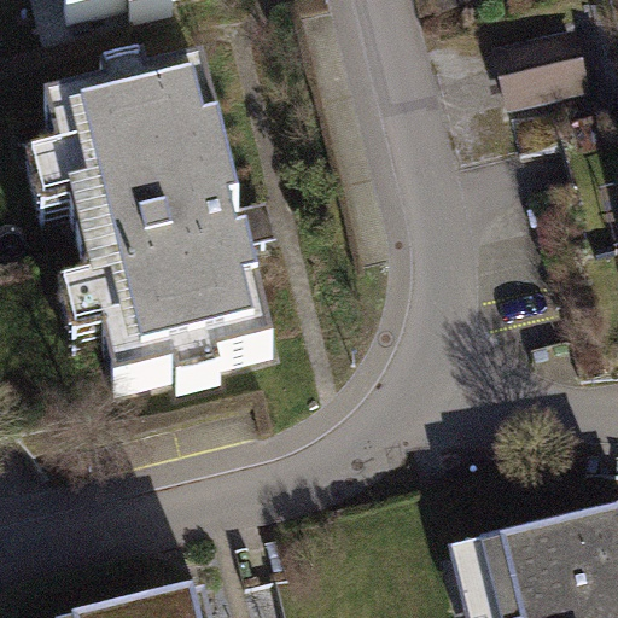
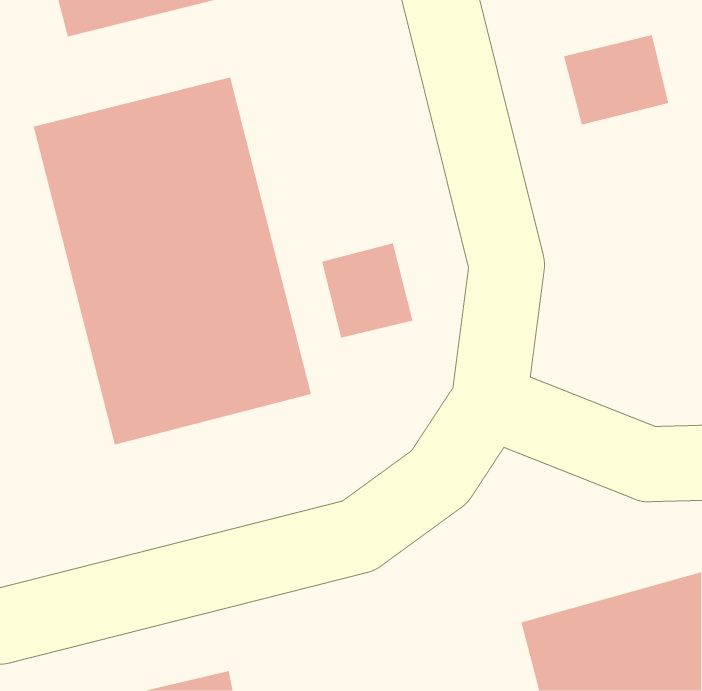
building: none -> [322,243,413,339]

